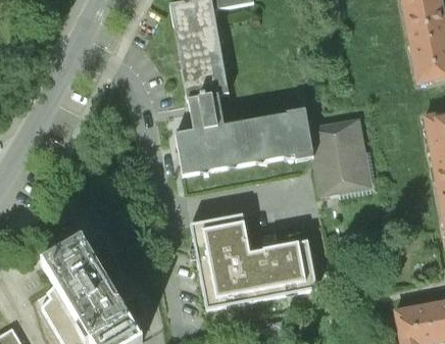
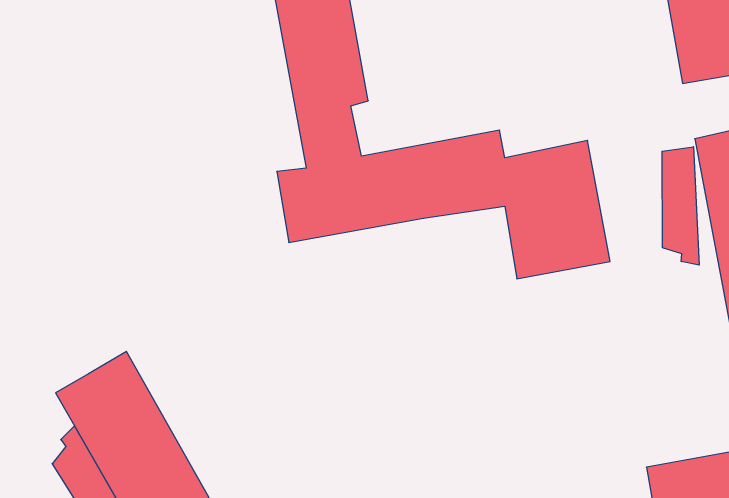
building: none -> [662,147,699,265]
building: [190,214,317,310] -> none

